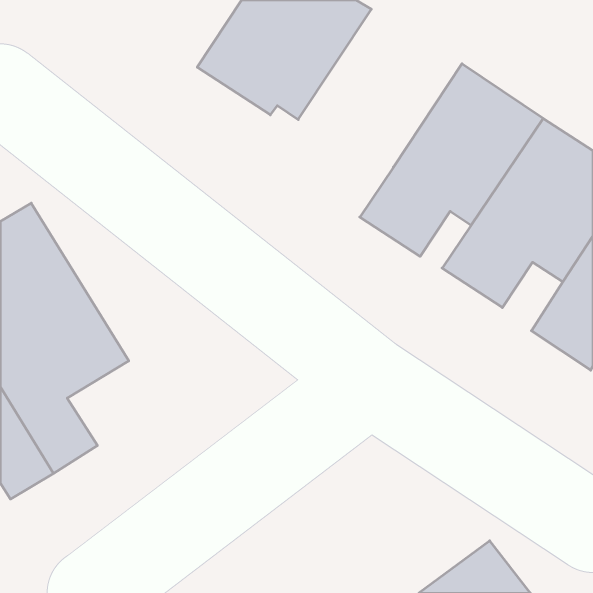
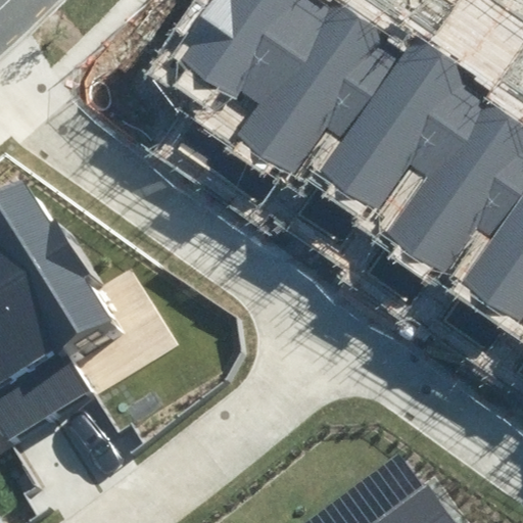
building: none -> [240,8,407,170]

